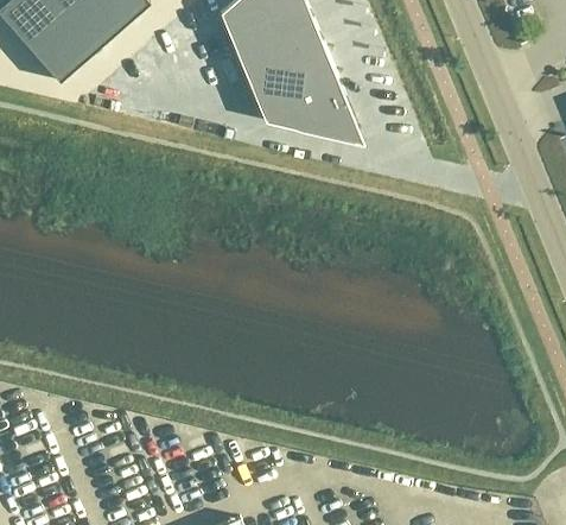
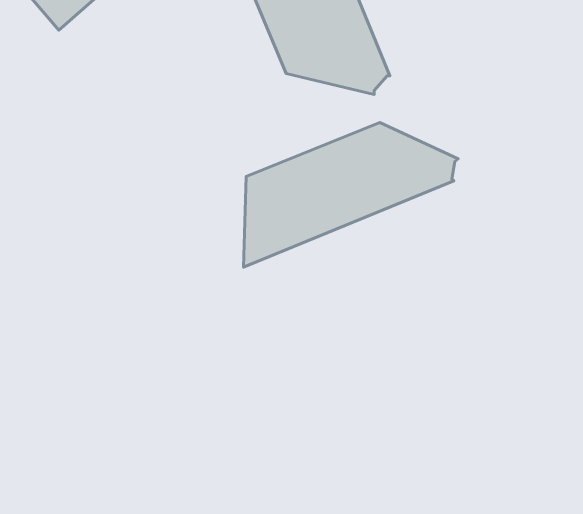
building: none -> [243,122,458,267]

